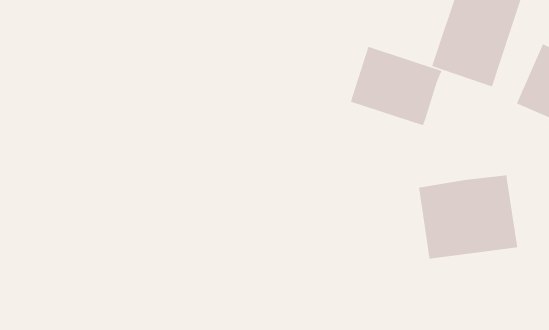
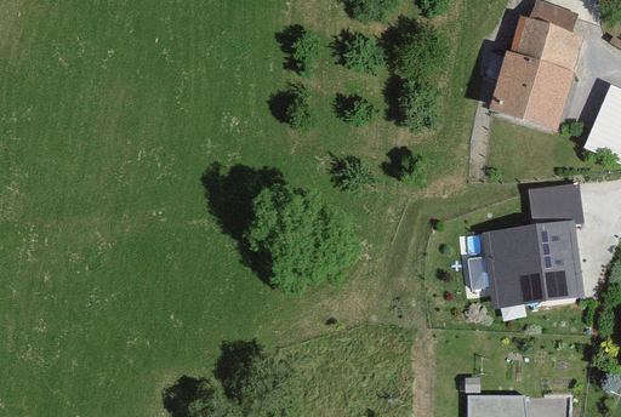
building: [350,46,442,126] -> none
building: none -> [526,181,583,224]

